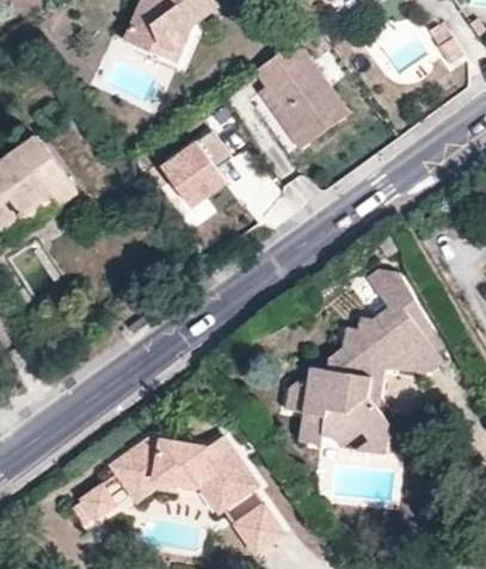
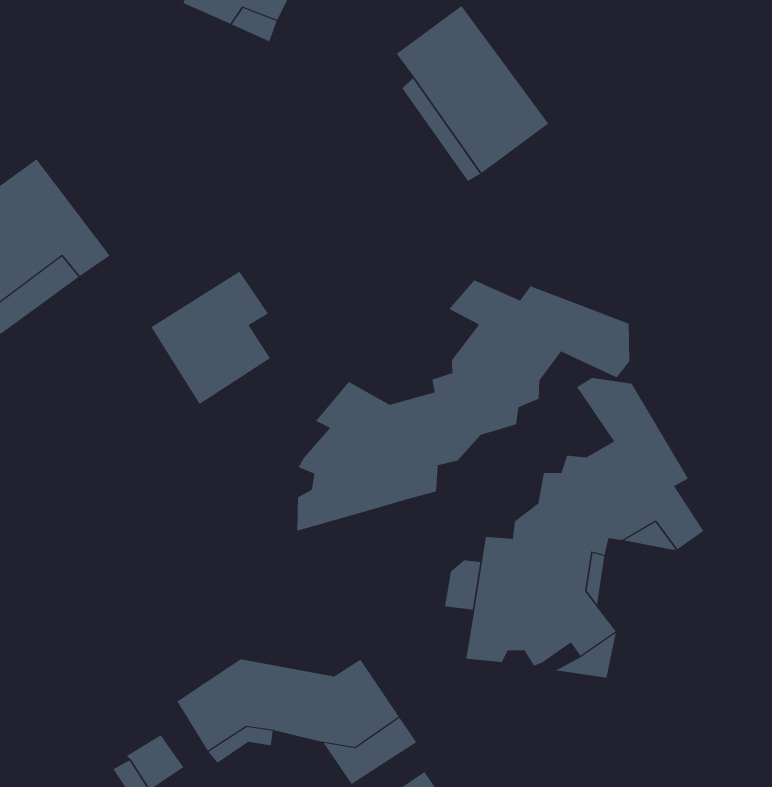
building: [158,137,232,219] -> [151,271,271,405]
building: none -> [297,280,630,532]

